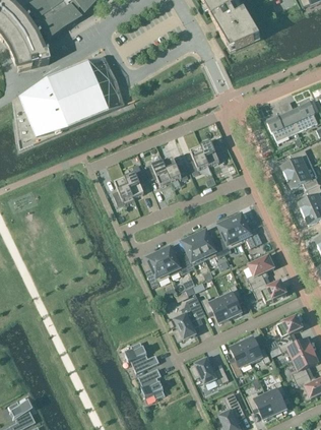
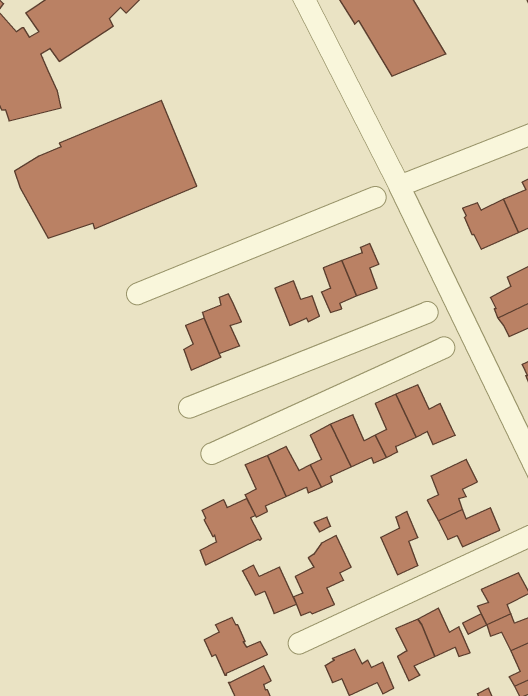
building: [146,158,172,186] -> none
building: none -> [200,499,261,565]
building: [201,297,231,323] -> [242,565,296,614]

